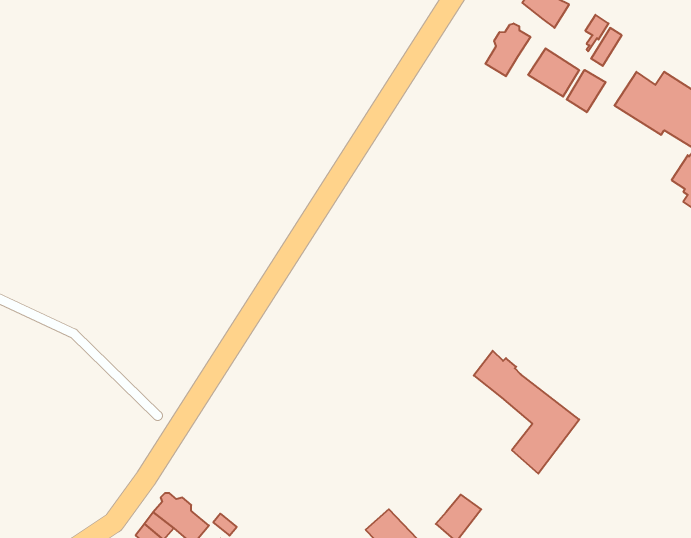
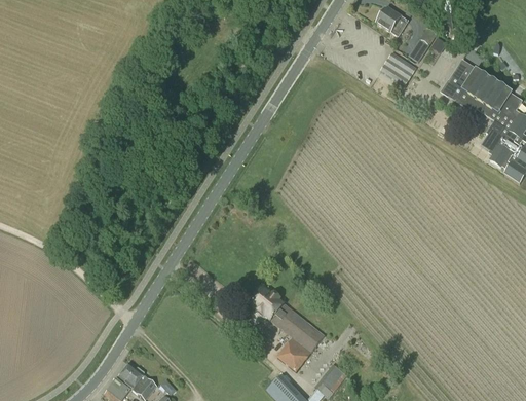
building: [485,23,530,76] -> none
building: [567,70,606,112] -> none
building: [474,351,579,474] -> [251,286,325,372]

